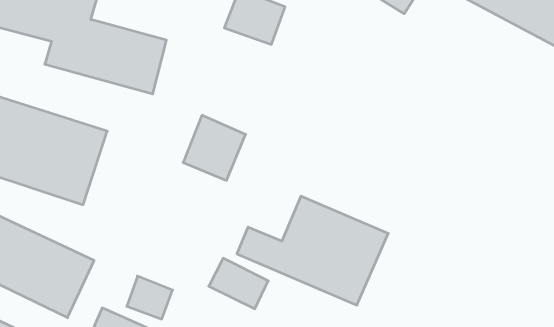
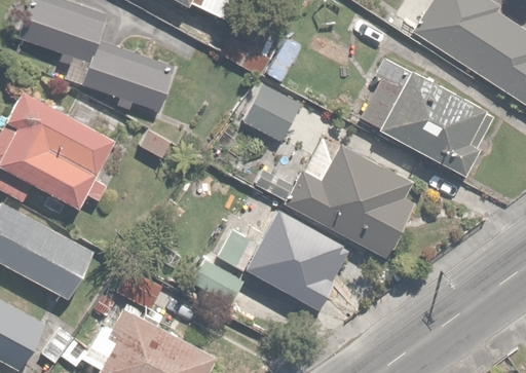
building: none -> [360,54,495,173]
building: none -> [287,141,423,255]
building: [183,115,246,180] -> [243,85,300,144]

